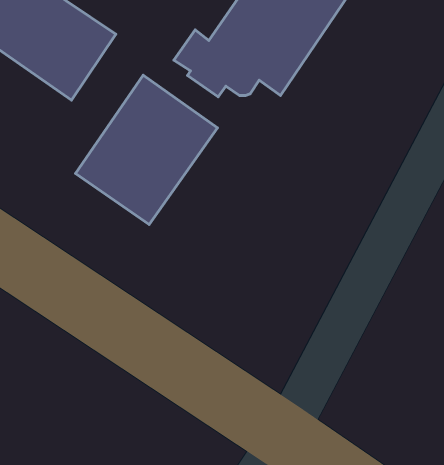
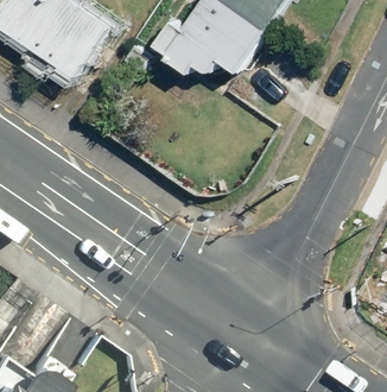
building: [75,75,218,225] -> none

